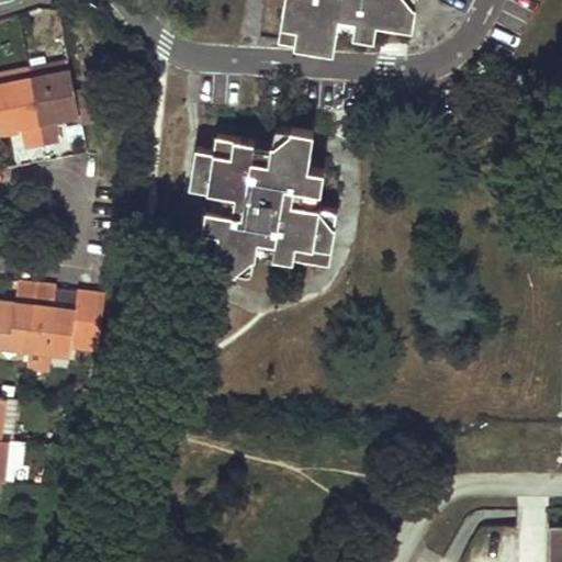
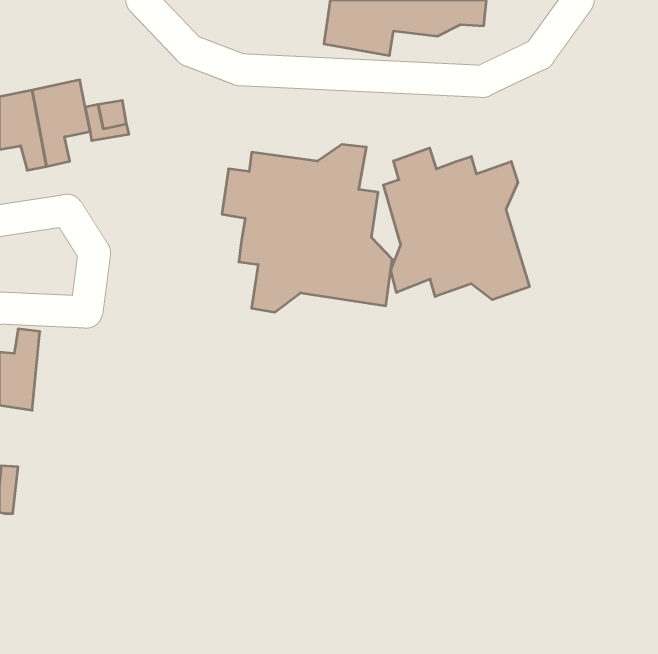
building: none -> [383,148,529,300]
building: [25,286,102,369] -> none

